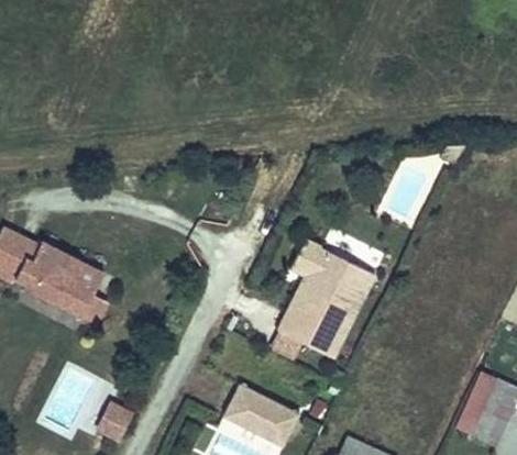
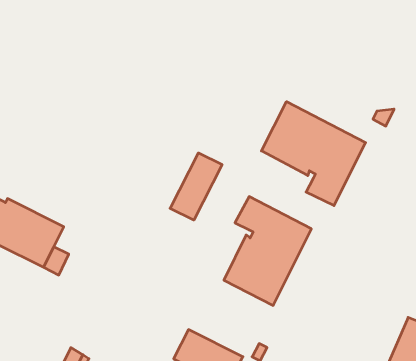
building: none -> [261,102,366,206]
building: none -> [170,153,222,220]

